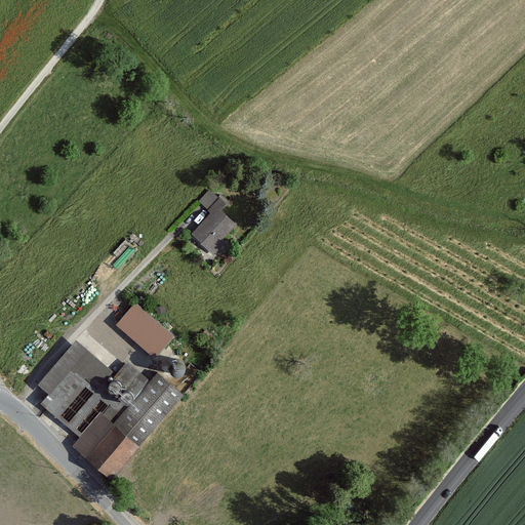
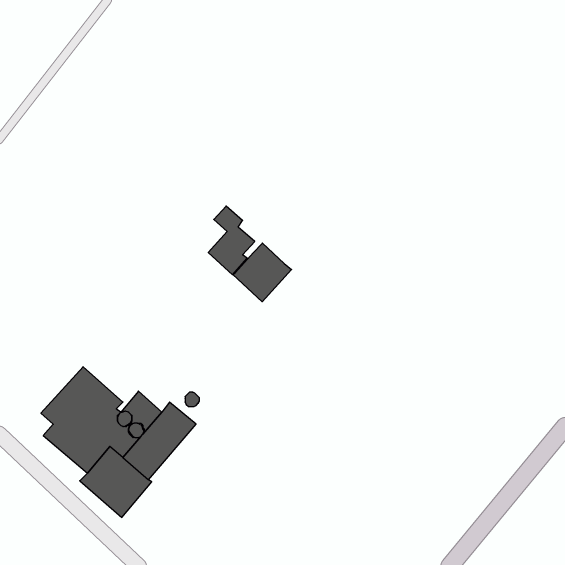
building: none -> [233,243,292,302]
building: [117,304,174,359] -> none

